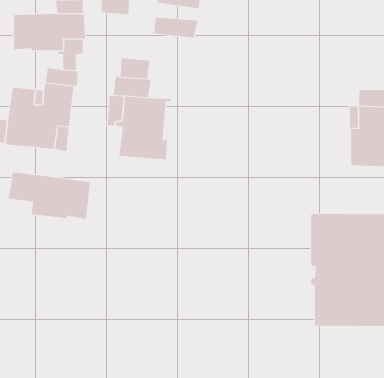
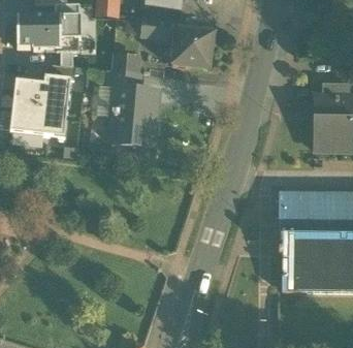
building: none -> [173,27,215,68]
building: [8,172,91,220] -> none

